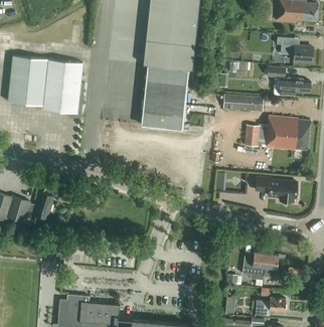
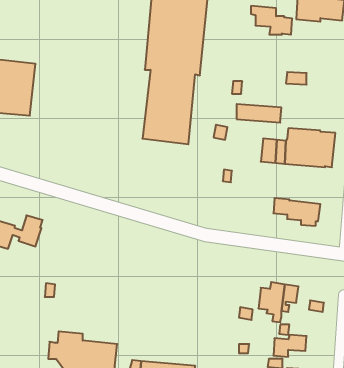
building: [277,36,313,61] -> [251,6,292,35]
building: [42,59,85,119] -> none
building: [274,77,310,96] -> none

